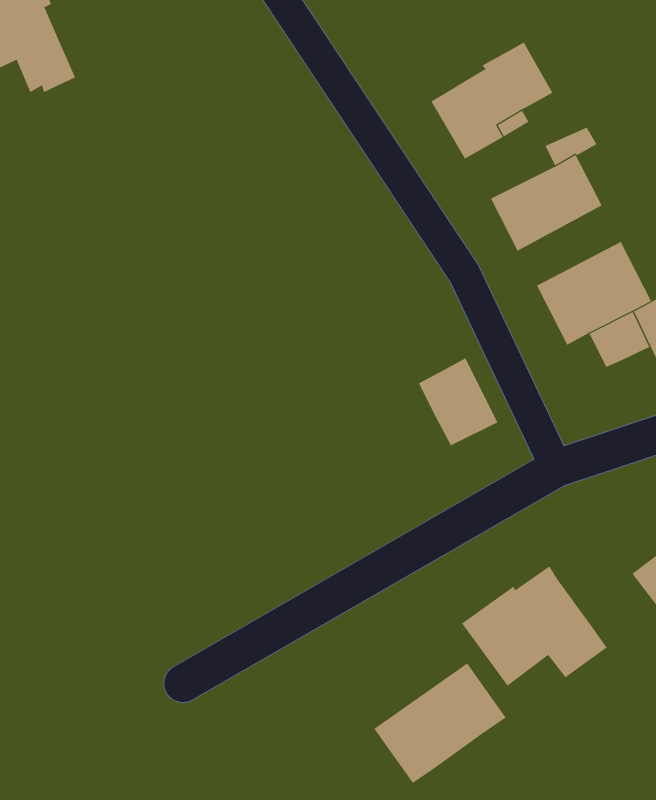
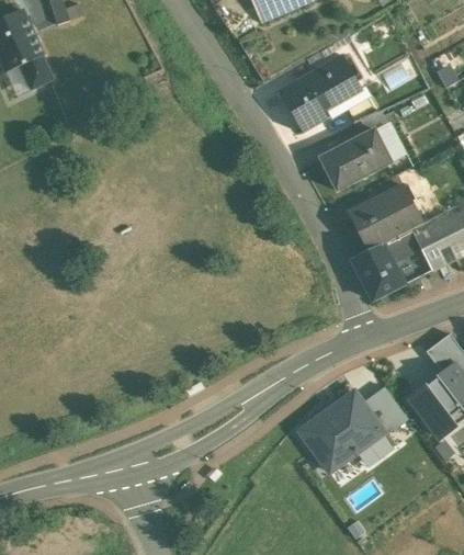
building: [418,358,498,446] -> [352,243,404,301]
building: none -> [363,386,408,433]
building: [374,663,507,784] -> none

